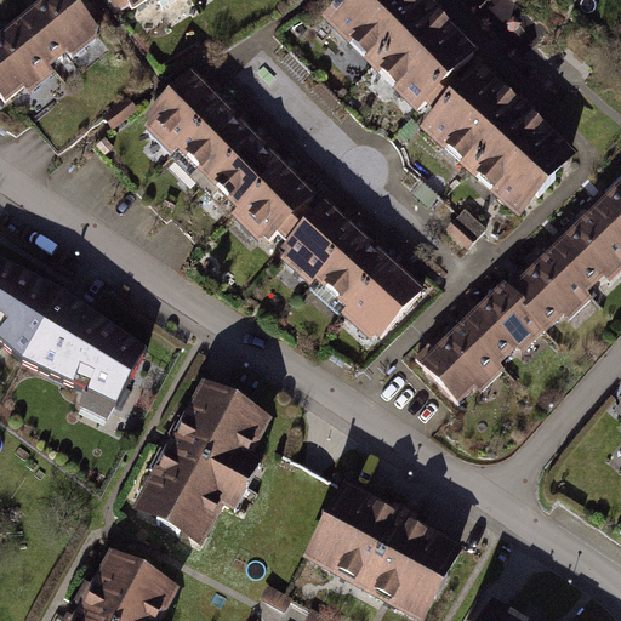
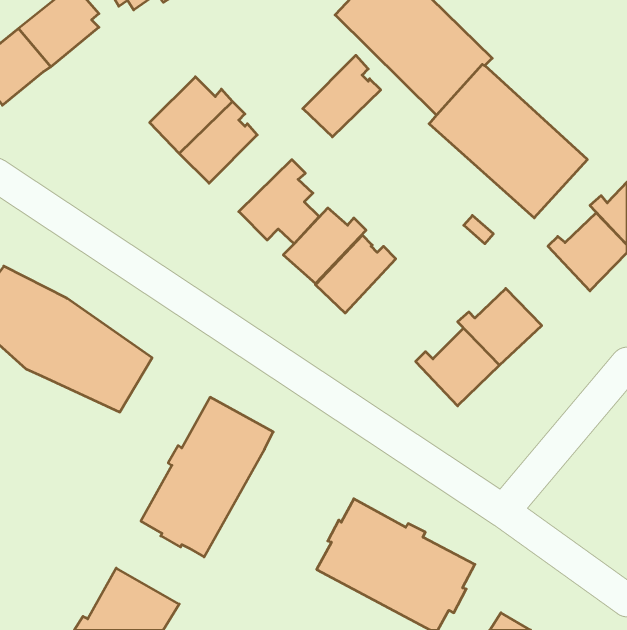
building: [205,127,281,207] -> [303,55,381,137]
building: [495,247,579,324] -> none
building: [340,253,414,336] -> none

